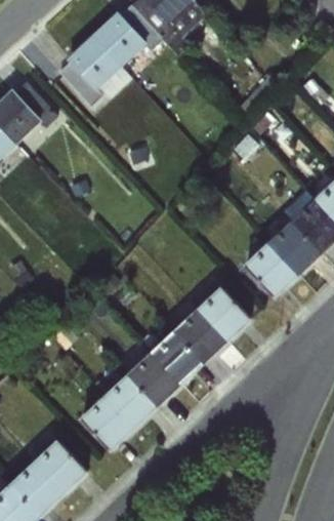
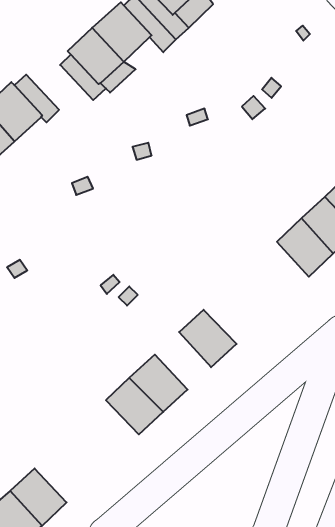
building: [243,243,298,298] -> none
building: [197,287,251,342] -> none
building: [150,330,204,386] -> none
building: [79,396,134,451] -> none
building: [34,440,87,494] -> none

